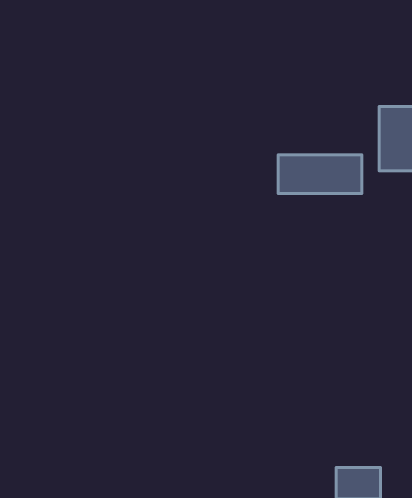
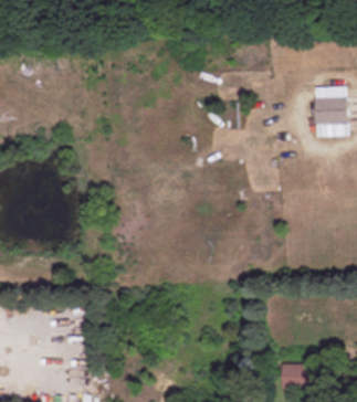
building: [278,155,362,194] -> none

